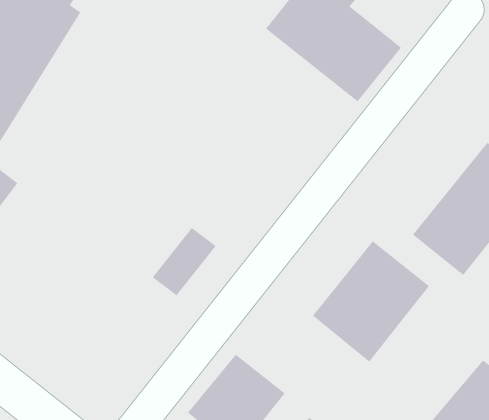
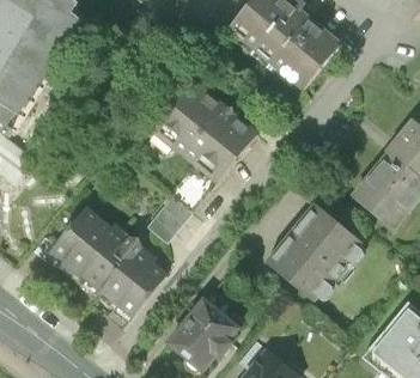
building: none -> [156,79,258,178]
building: none -> [45,203,169,319]

